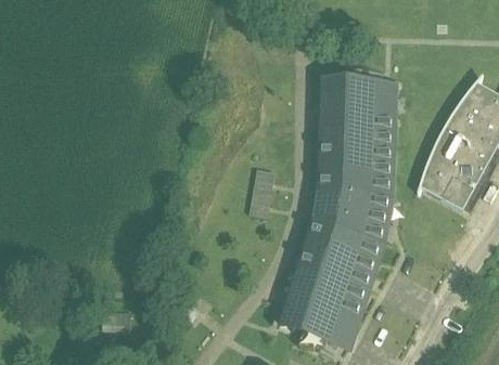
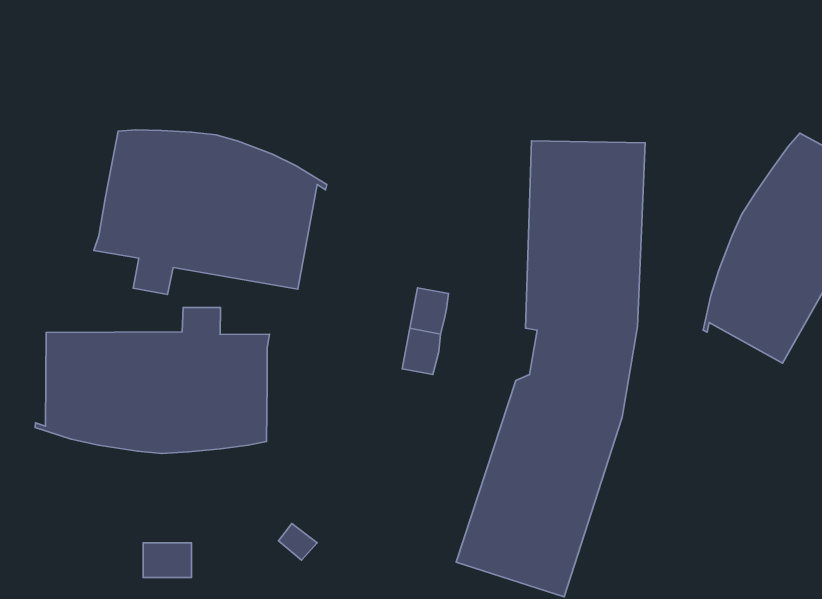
building: none -> [94,130,327,294]
building: none -> [35,308,270,453]

